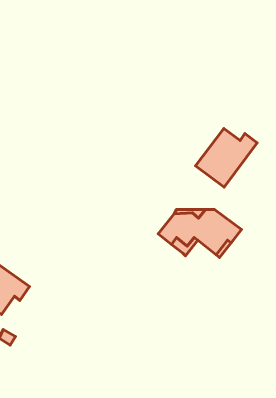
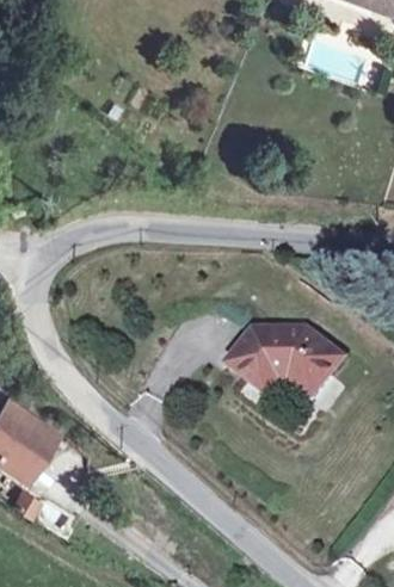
building: [196,129,257,187] -> none

